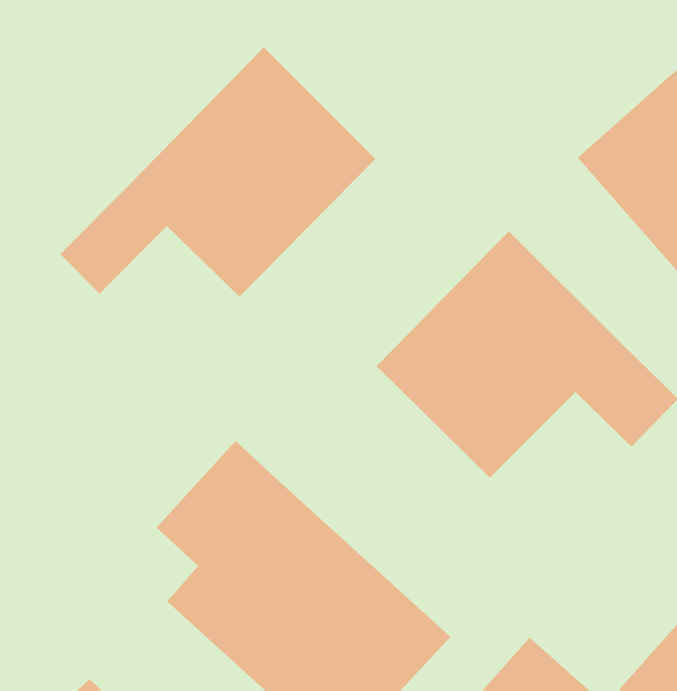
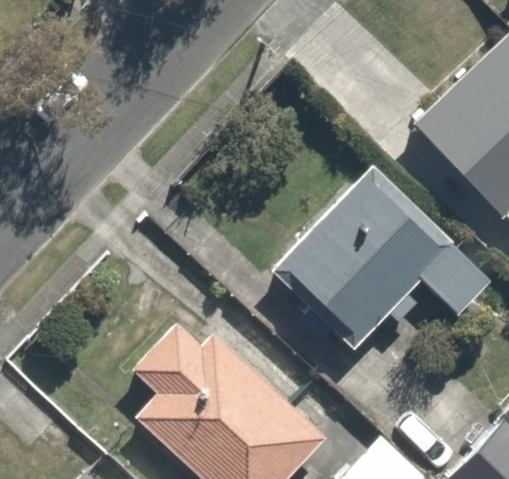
building: [60,46,376,297] -> none

